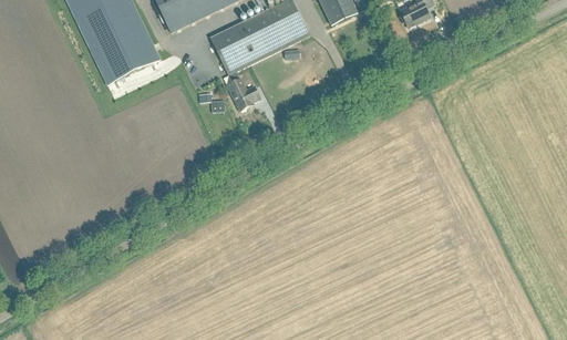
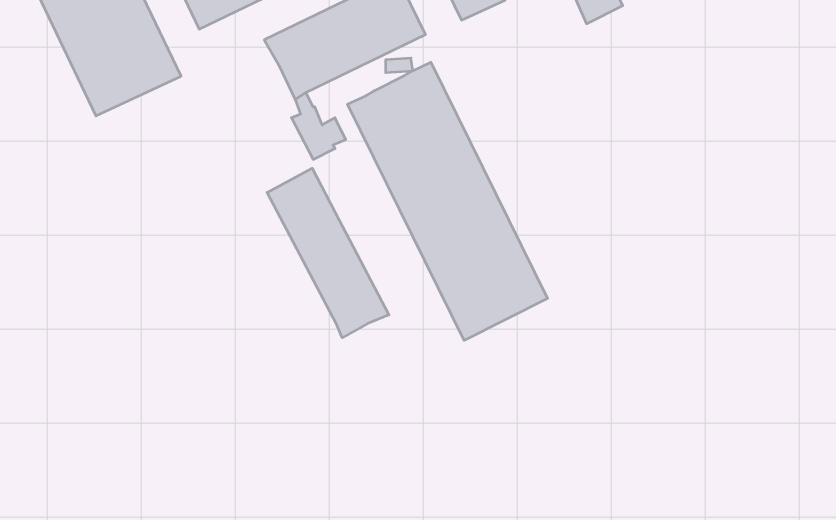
building: none -> [348,62,548,340]
building: none -> [267,168,389,338]

